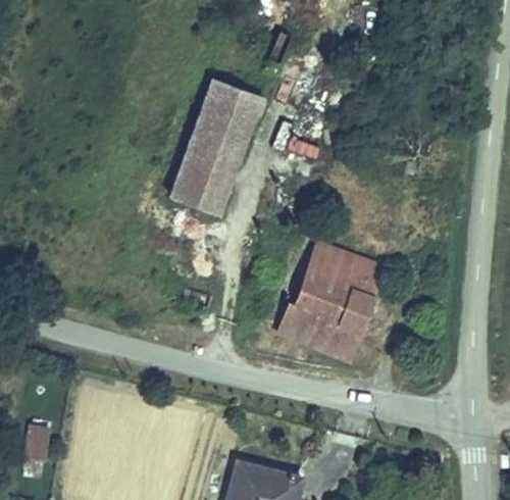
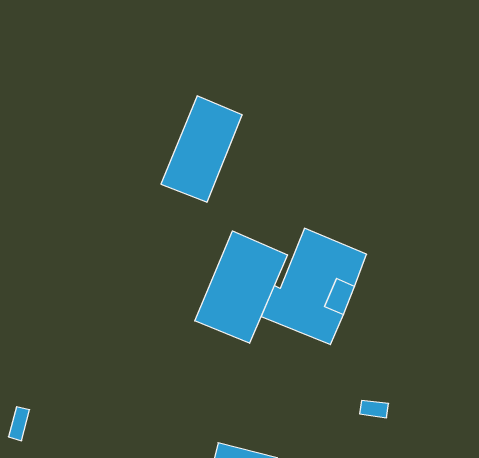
building: [210,72,269,127] -> none
building: none -> [195,231,287,343]

